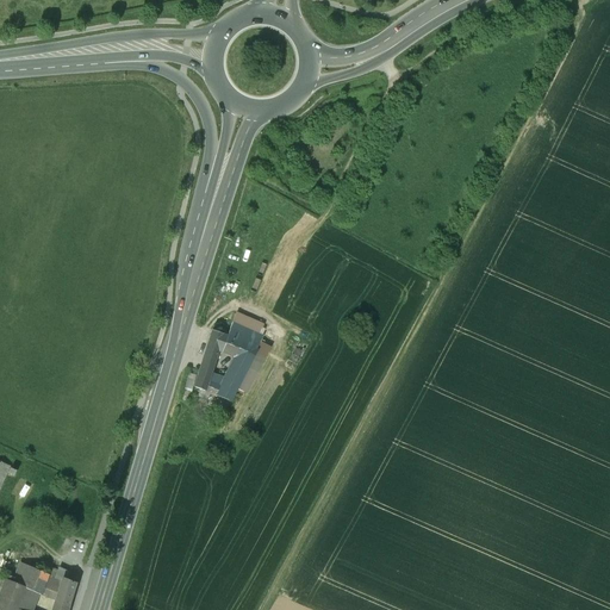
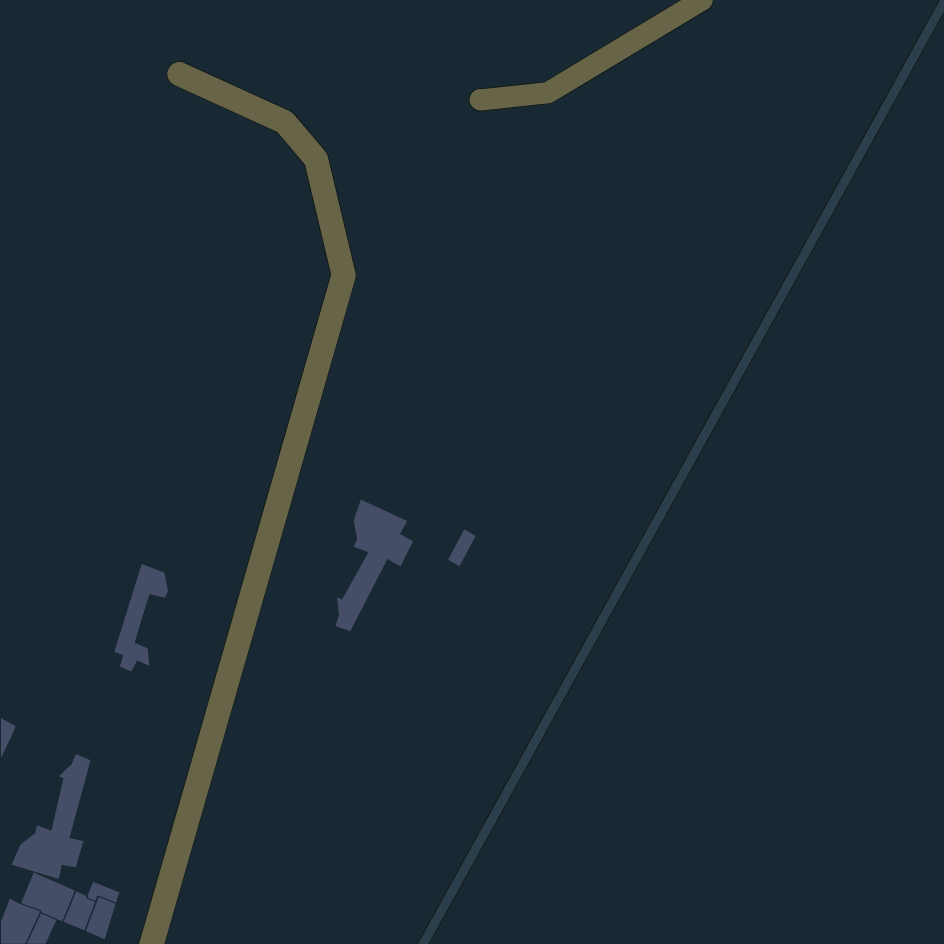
building: [194,330,230,400] -> [113,563,169,672]
building: none -> [11,753,91,880]

